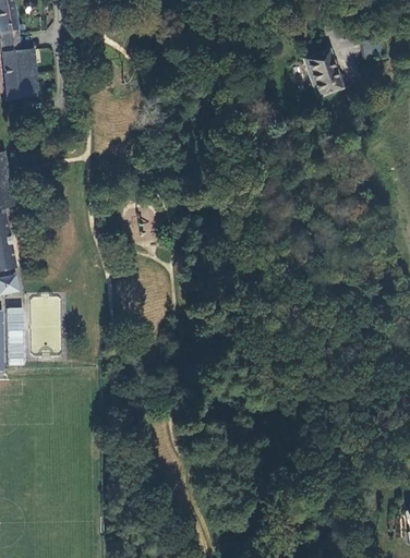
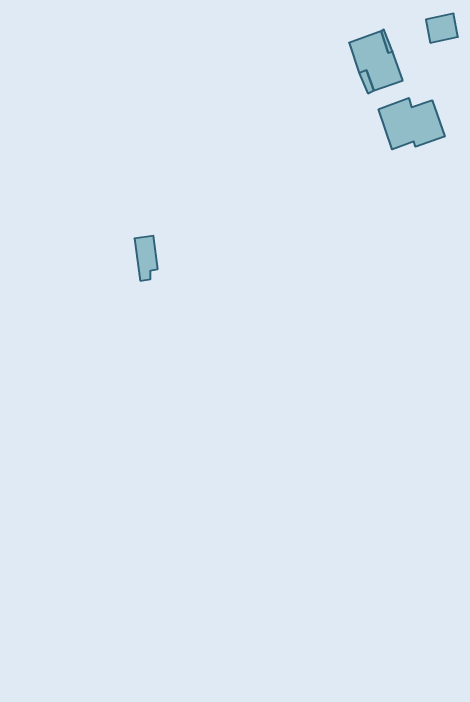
building: none -> [379,98,445,149]

